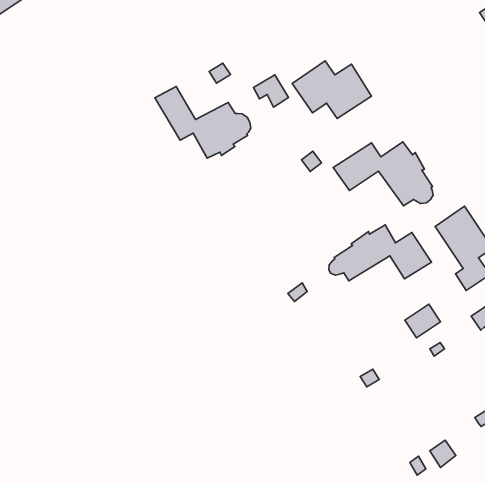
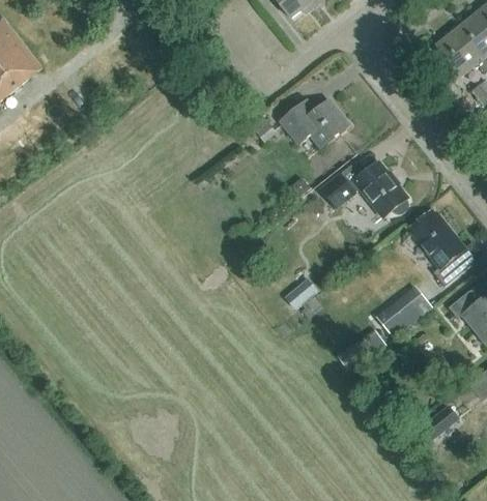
building: [155,86,251,158] -> none
building: [329,225,431,281] -> none

